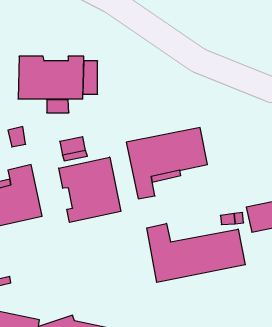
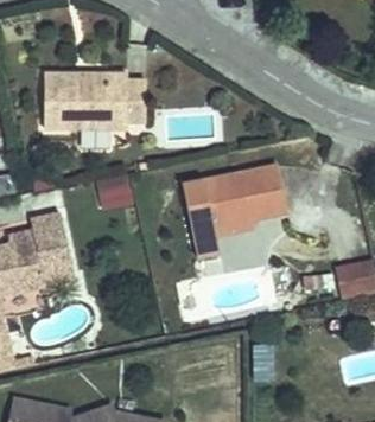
building: [59,157,121,222] -> none
building: [147,223,245,282] -> none

